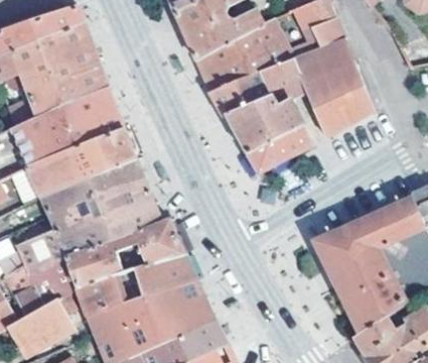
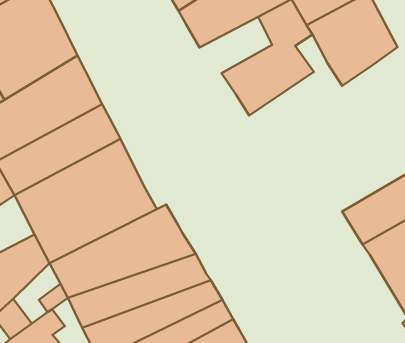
building: [209,71,270,115] -> none
building: [245,121,310,172] -> none

